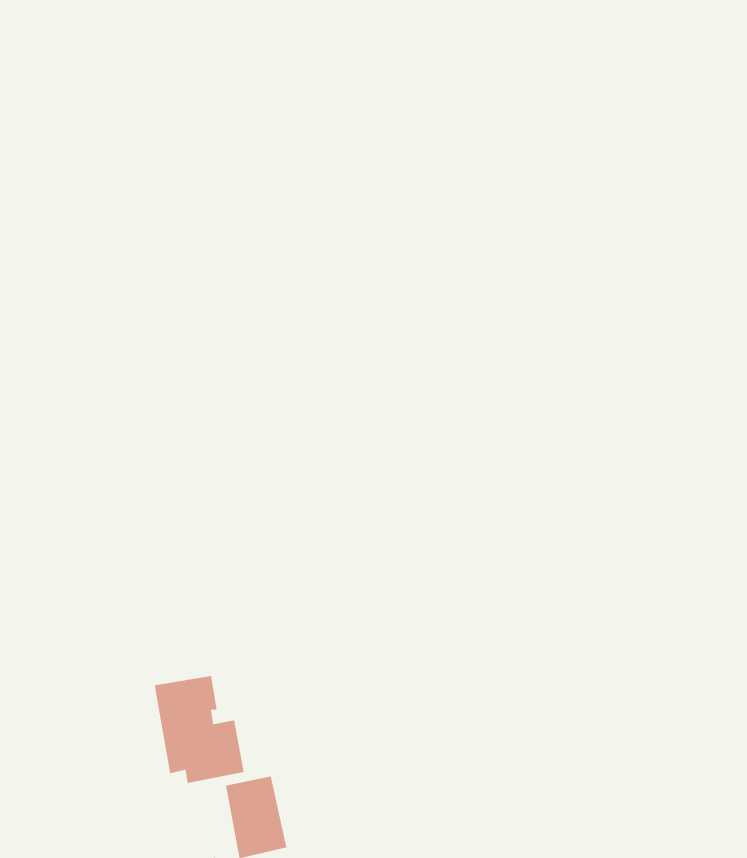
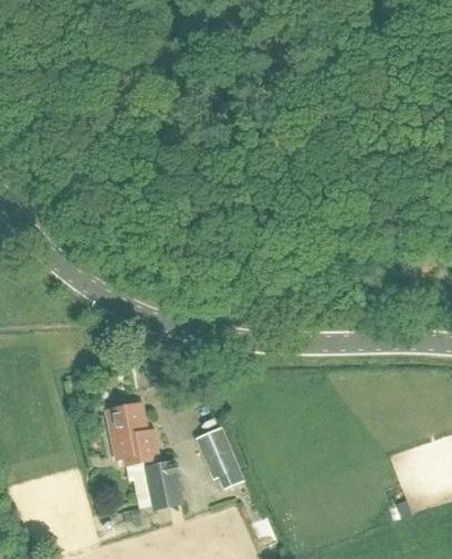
building: none -> [195,425,239,478]

